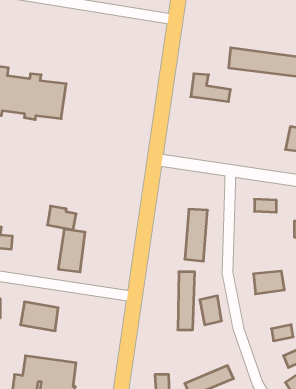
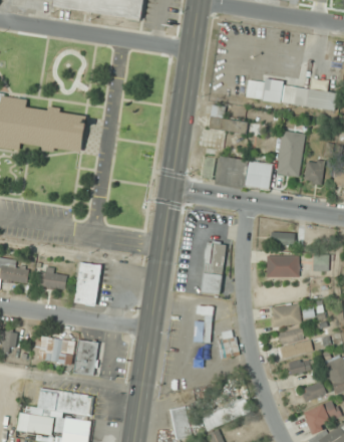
building: none -> [276,131,305,178]
building: none -> [215,157,272,191]
building: [47,206,76,230] -> [38,266,67,290]
building: none -> [267,256,298,276]
building: none -> [278,327,307,358]
building: none -> [74,341,98,376]

